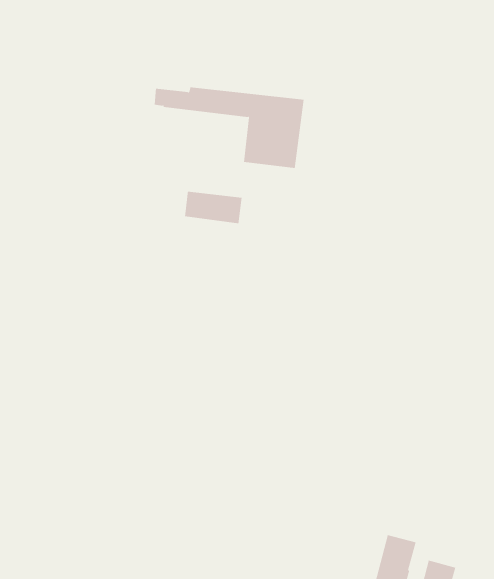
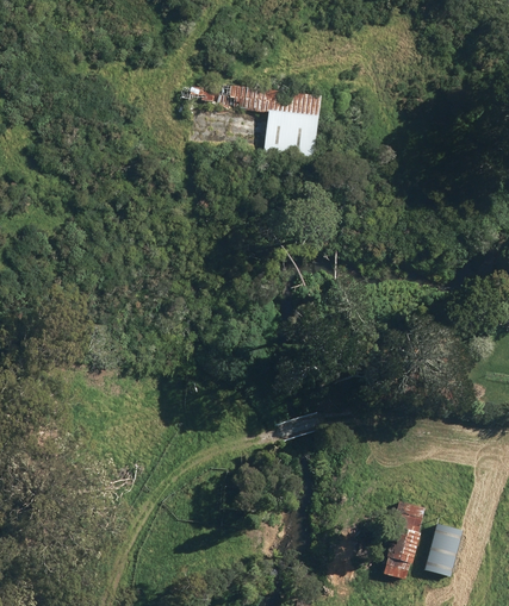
building: [185,191,242,224] -> none

